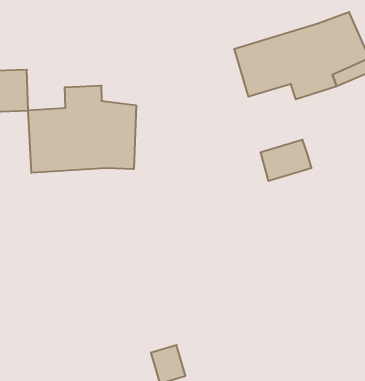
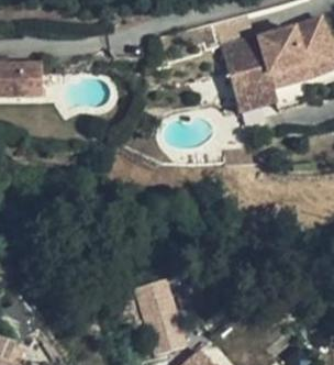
building: [28,85,136,173] -> none
building: [260,140,312,181] -> [233,74,277,109]

